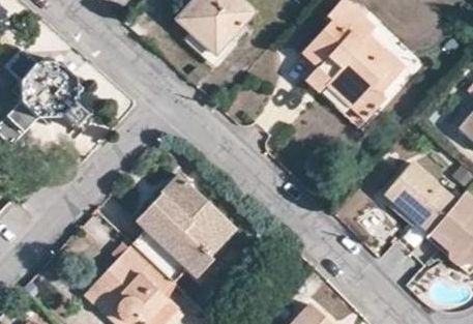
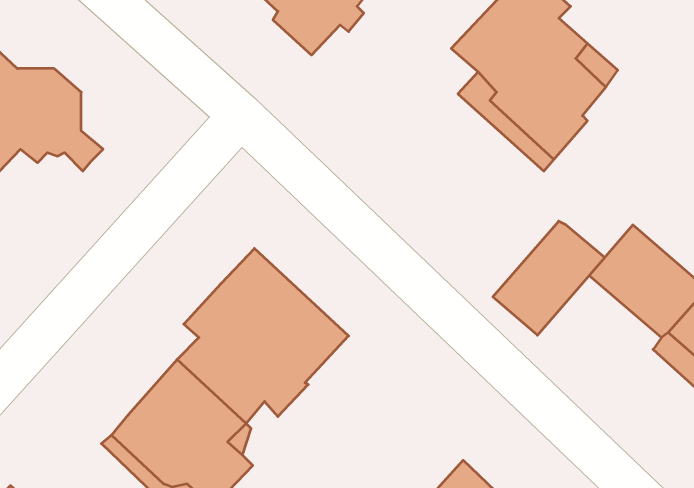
building: none -> [493,221,605,335]

